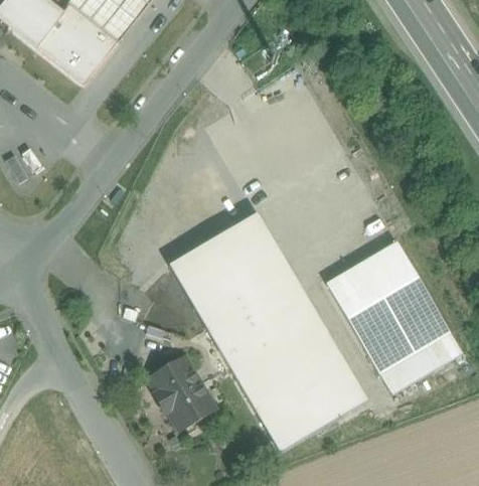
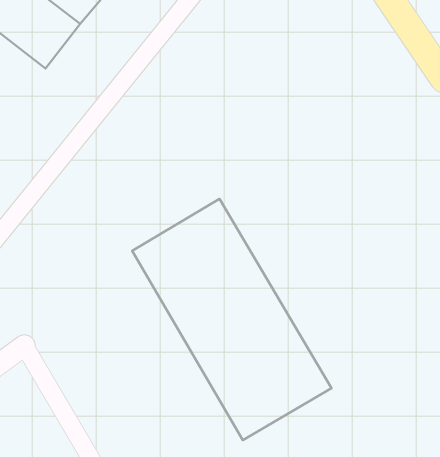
building: [325,240,461,393] -> none
building: [149,355,214,428] -> none

